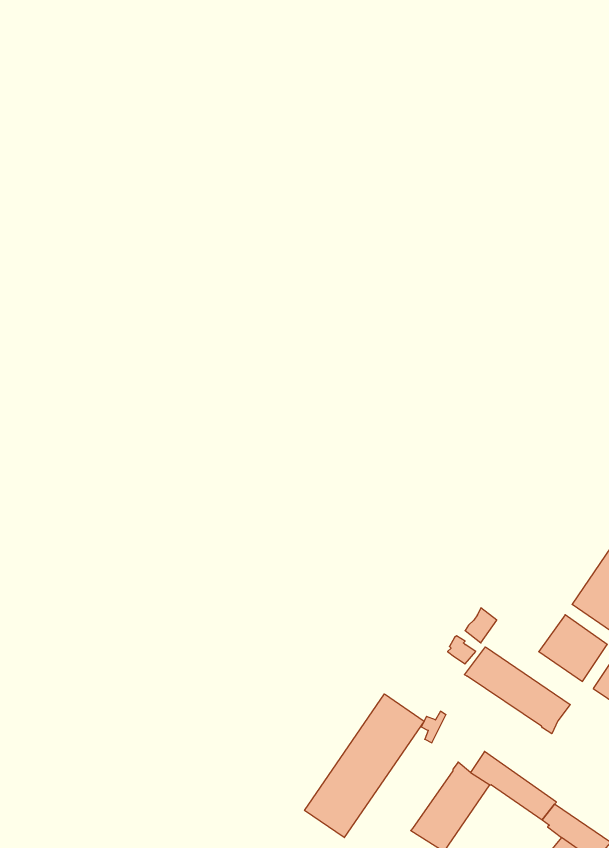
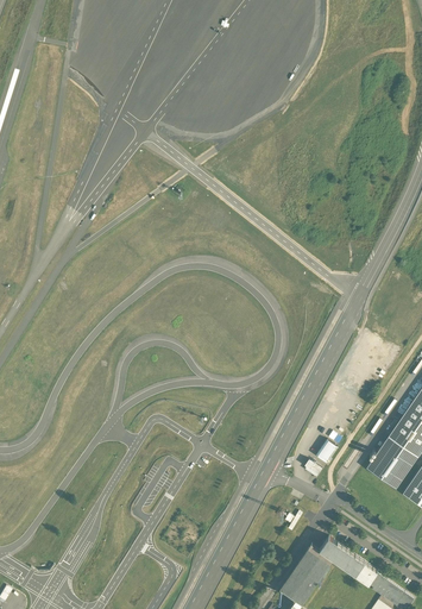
building: [464,647,570,734] -> none
building: [305,694,424,838] -> none

